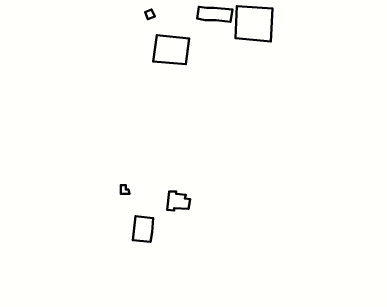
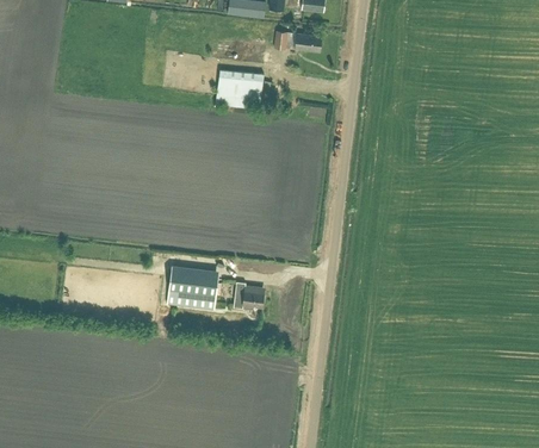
building: [236,6,272,42] -> none
building: [133,216,153,242] -> [190,274,217,309]

